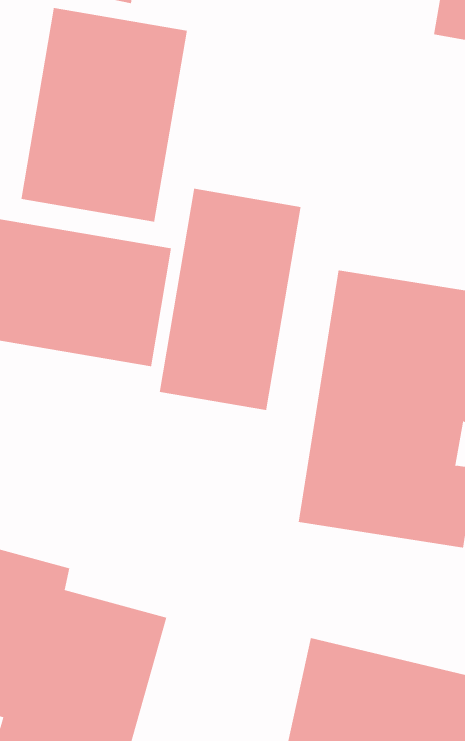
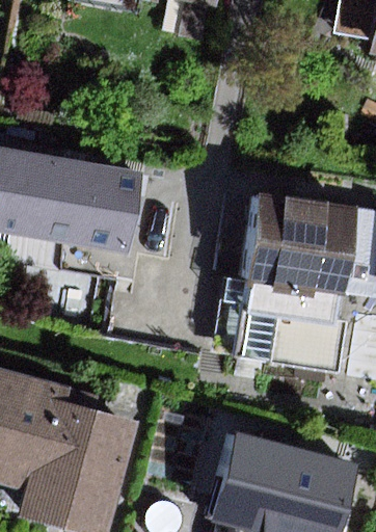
building: [21,7,187,223] -> none
building: [159,188,301,411] -> none

